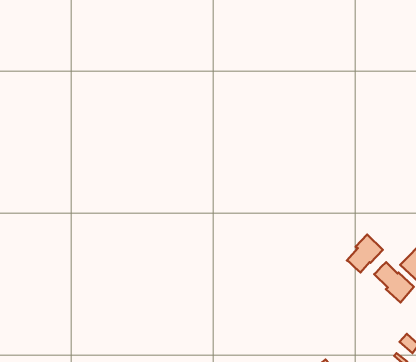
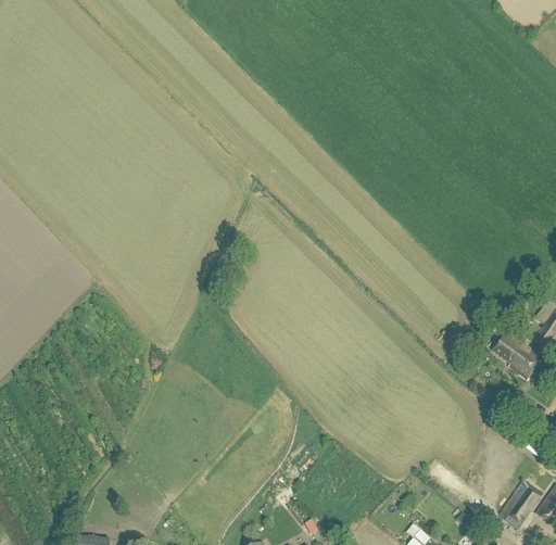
building: [347,234,383,272] -> none

